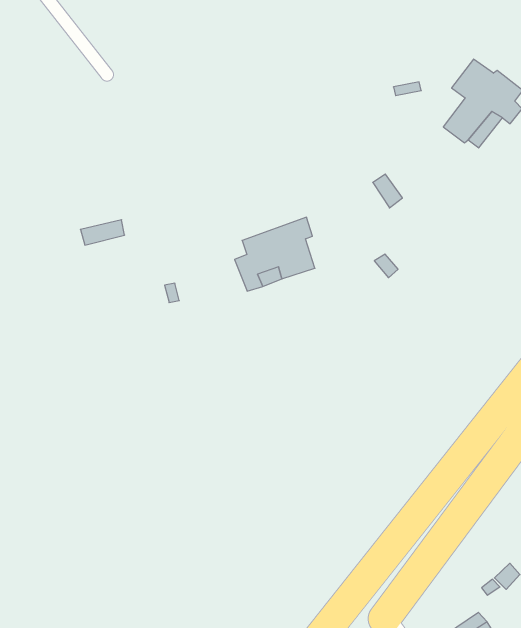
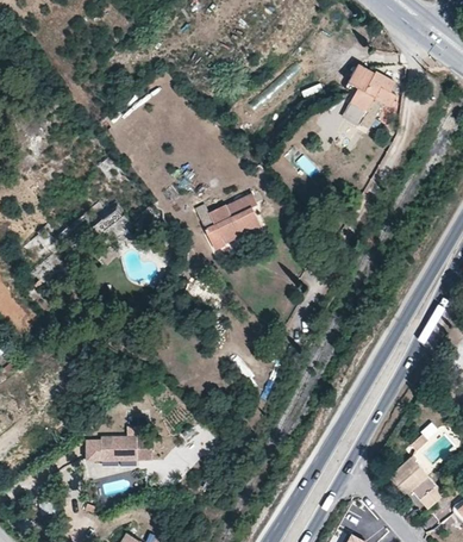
building: none -> [85,428,136,462]

